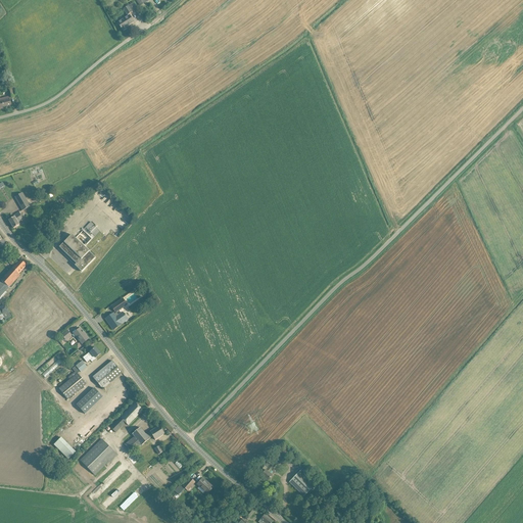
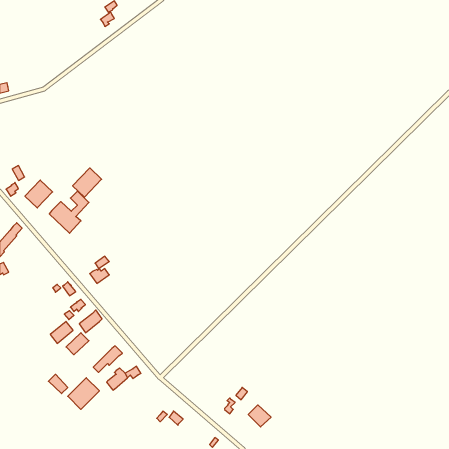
building: none -> [73,168,102,197]
building: none -> [25,180,53,208]

